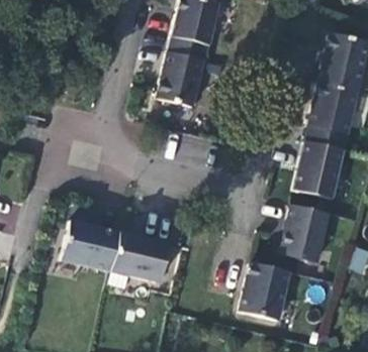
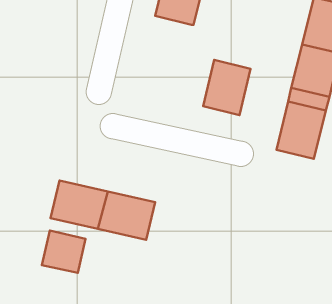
building: [157,50,205,107] -> [203,60,251,115]
building: [278,202,327,259] -> none
building: [237,259,288,317] -> none
building: none -> [42,230,85,273]

